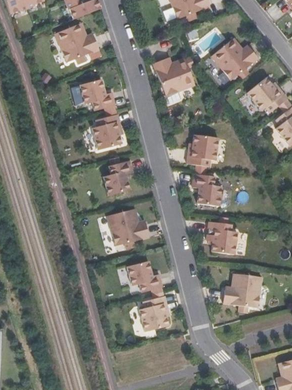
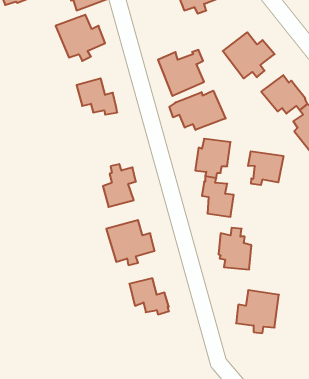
building: none -> [169,91,226,130]
building: [89,111,121,151] -> none
building: none -> [248,151,283,185]
building: [138,292,168,332] -> none

